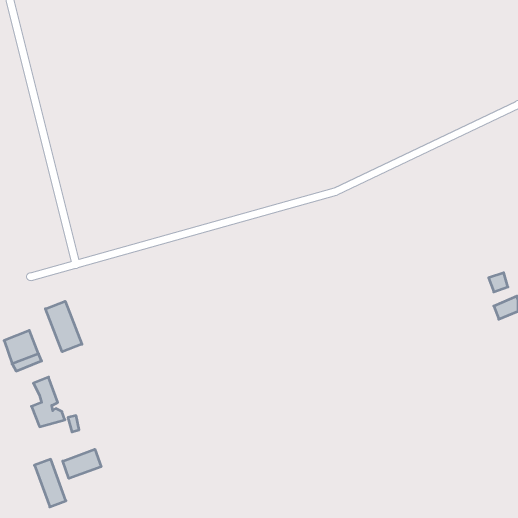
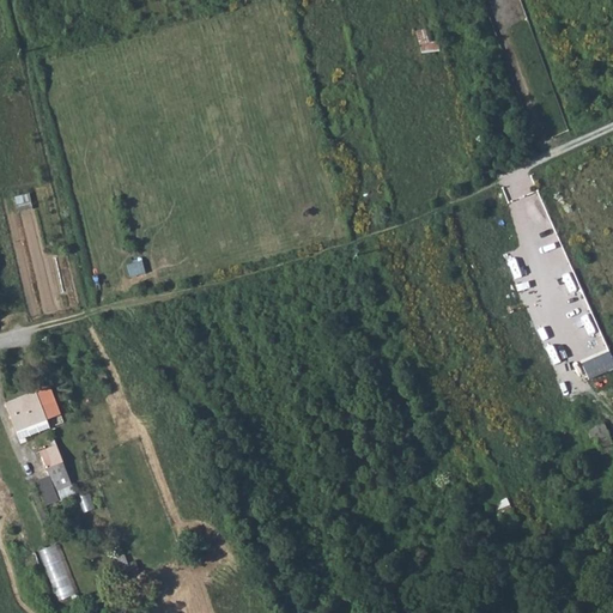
building: [45,301,82,352] -> none
building: [63,449,101,478] -> none

